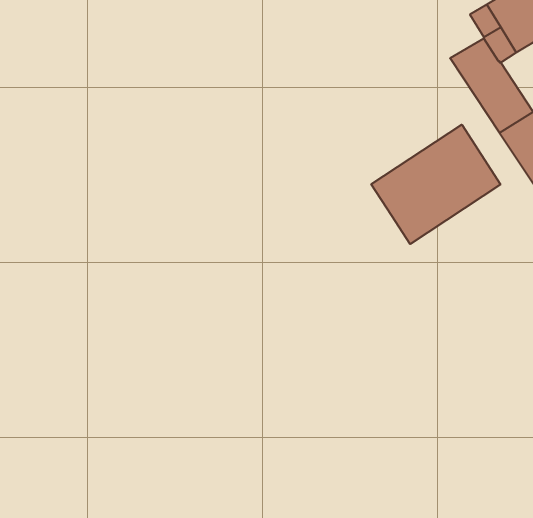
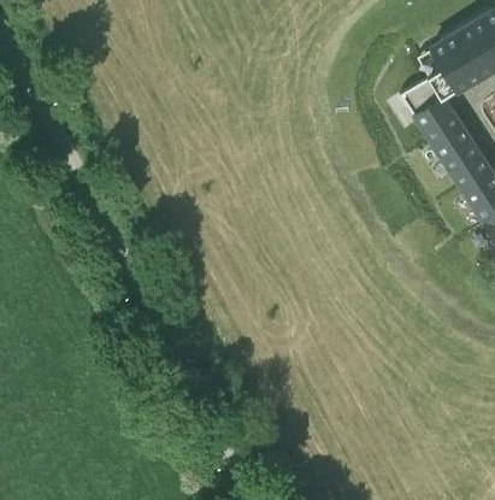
building: [371,125,500,244] -> none

